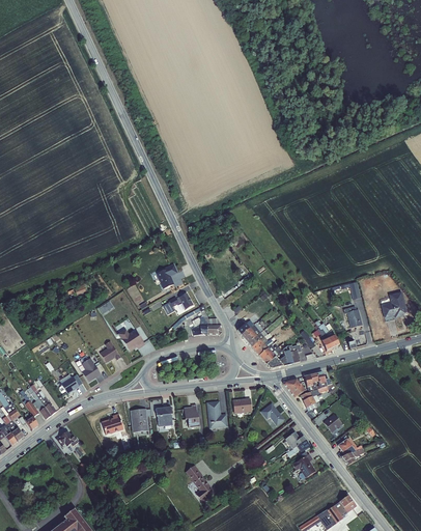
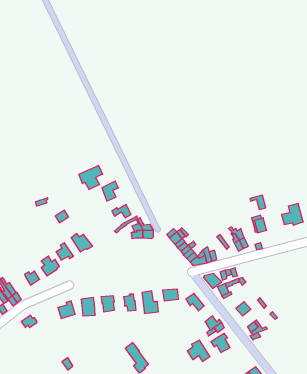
building: none -> [79,165,103,190]
building: none -> [187,340,210,362]

